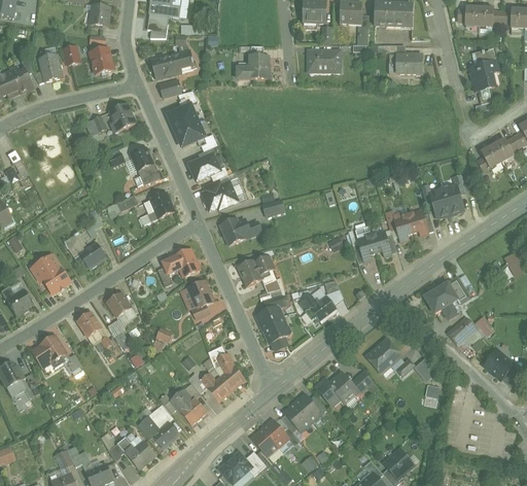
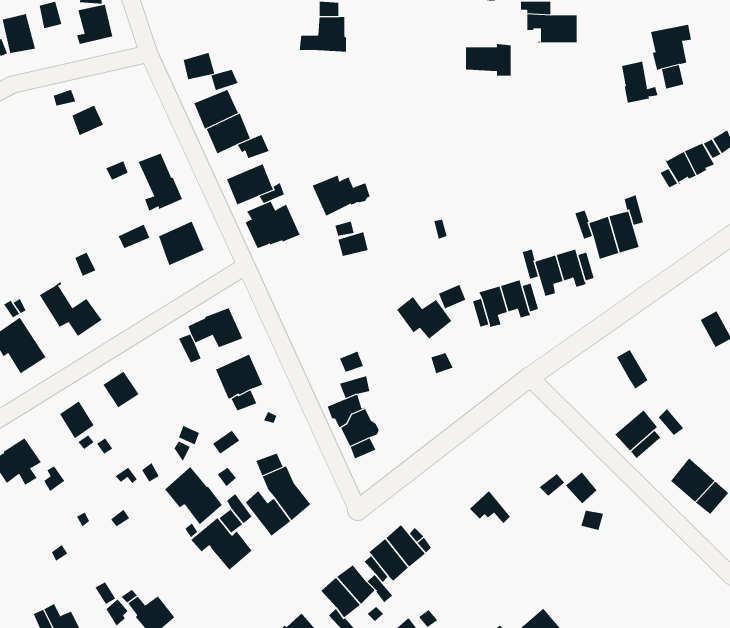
building: [308,49,339,71] -> [465,44,512,76]
building: [151,50,194,78] -> none
building: none -> [621,61,658,103]
building: [110,103,135,132] -> none
building: [219,217,258,245] -> [312,175,371,217]
building: [238,256,274,285] -> none
building: [424,282,457,318] -> none
building: [300,293,337,322] -> [396,296,452,339]
building: [366,339,400,373] -> none
building: [315,373,357,405] -> none
building: [139,409,178,448] -> [164,466,223,525]

